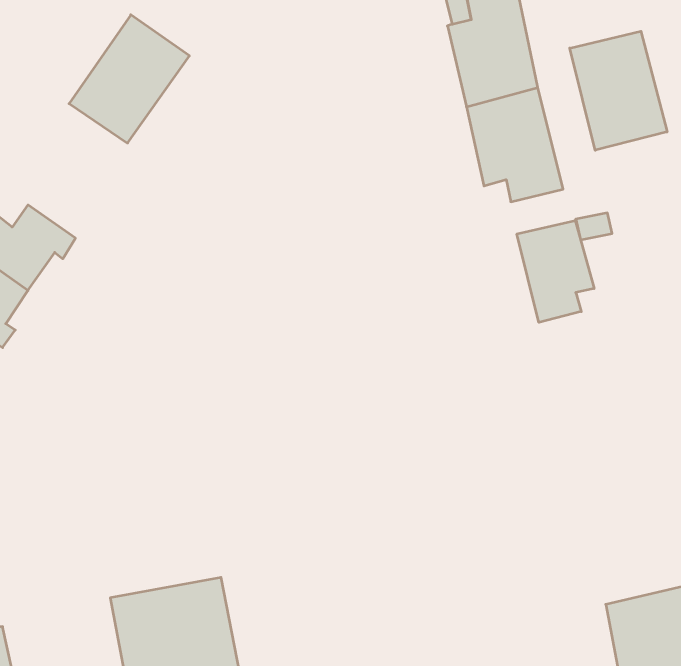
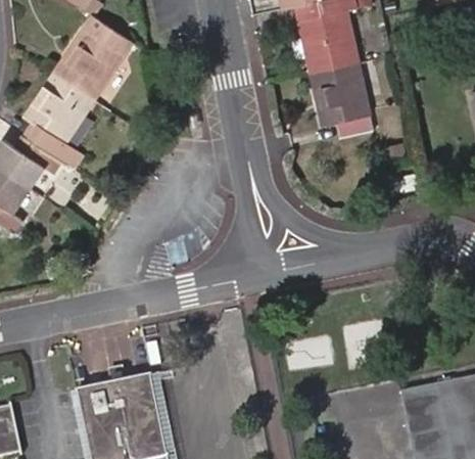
building: [570,31,667,150] -> none
building: none -> [23,70,92,167]
building: [517,220,594,322] -> none

